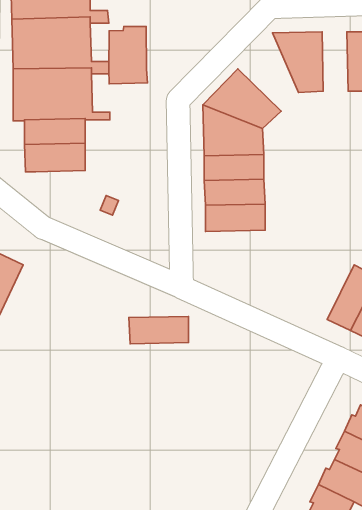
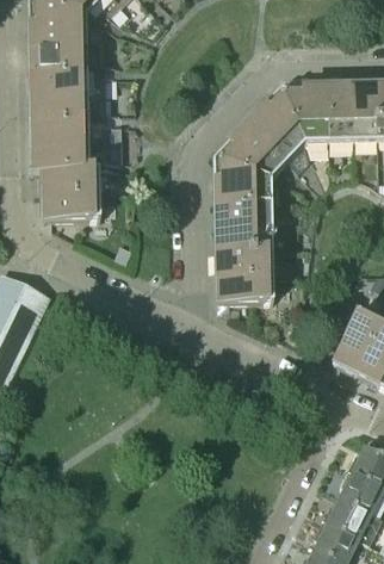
building: [109,26,148,84] -> none
building: none -> [328,82,353,140]
building: none -> [247,83,305,159]
building: [129,316,188,344] -> [216,273,273,299]

